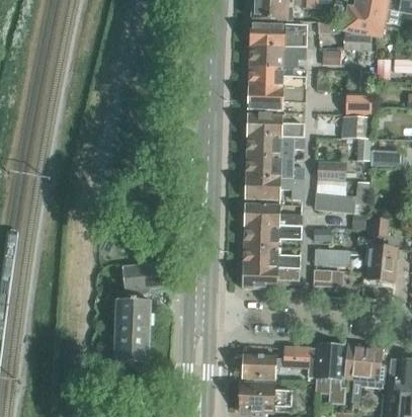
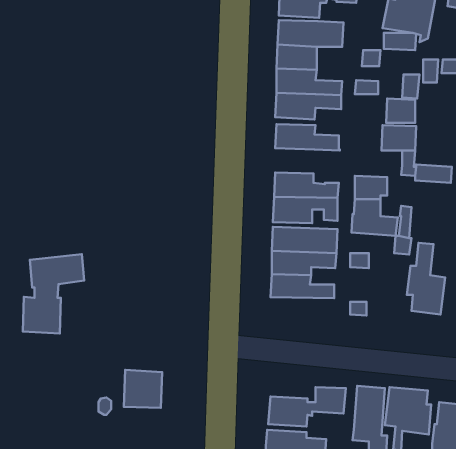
building: [247,136,304,158] -> none
building: [313,248,360,265] -> none
building: [115,262,169,332] -> [23,254,84,334]
building: [242,266,299,291] -> none

